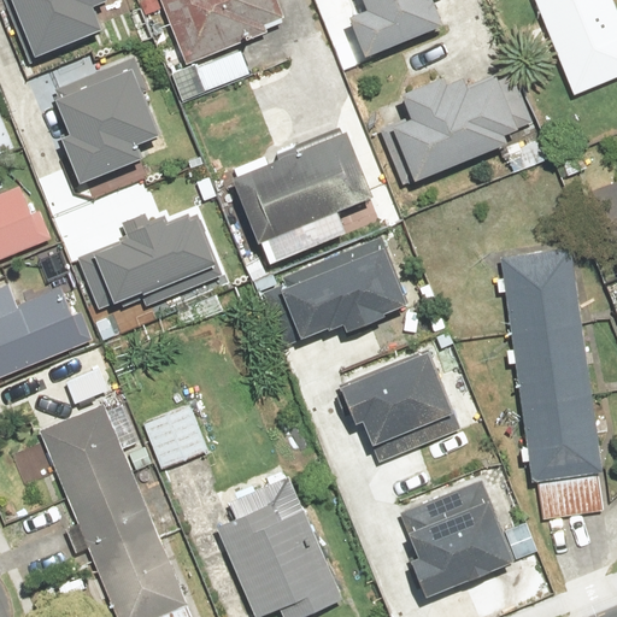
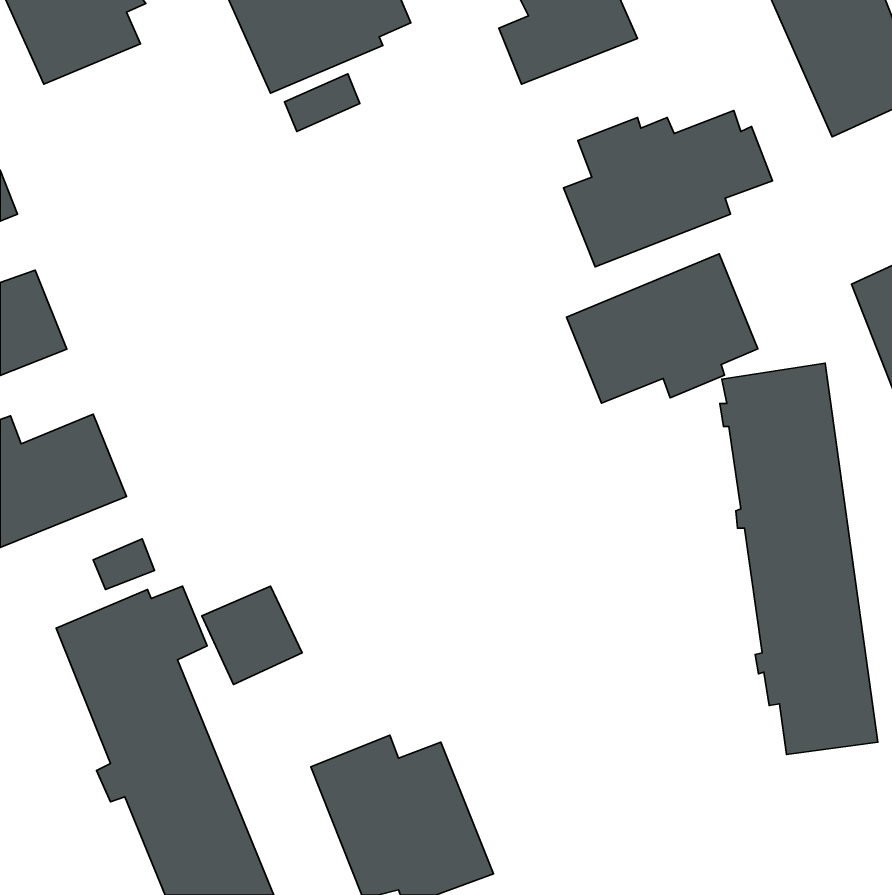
building: [52,57,155,187] -> none
building: [228,133,371,258] -> none
building: [65,198,213,306] -> none
building: [272,239,404,341] -> [567,254,758,403]
building: [336,347,465,464] -> none
building: [400,481,515,600] -> none

